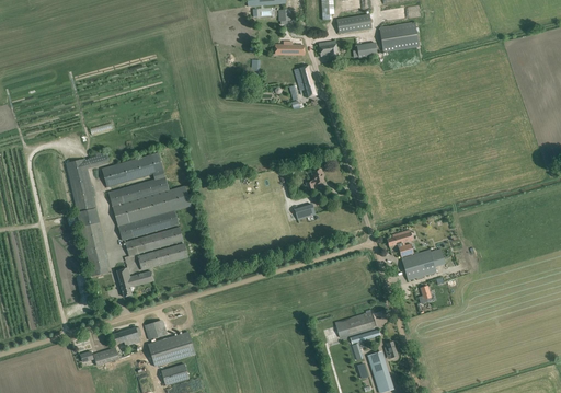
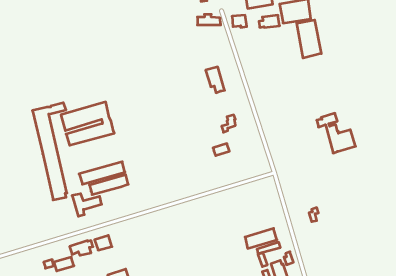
building: none -> [297,20,321,58]
building: [294,65,318,97] -> [206,67,225,93]
building: [113,185,191,240] -> none
building: [387,229,436,279] -> [317,113,356,153]
building: [149,332,195,366] -> none

